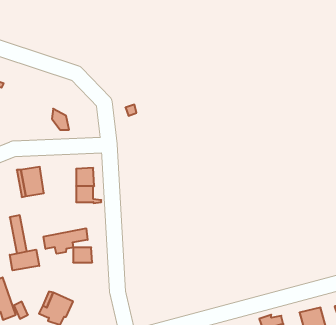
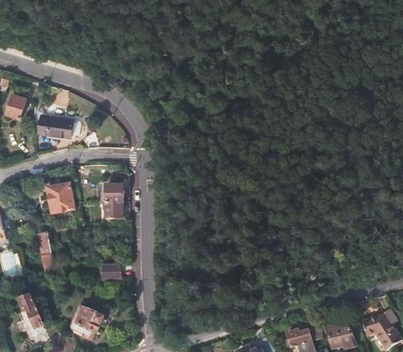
building: none -> [39,114,74,135]
building: [44,228,88,254] -> none
building: [10,250,39,270] -> none

